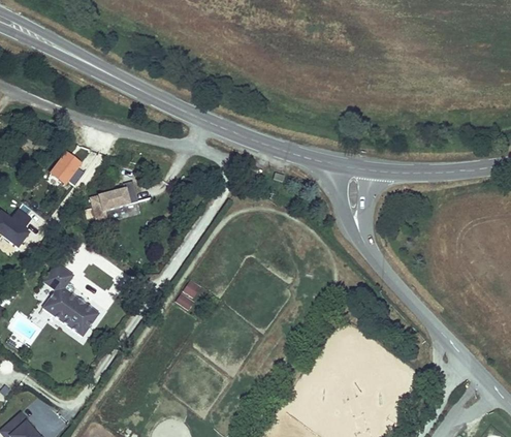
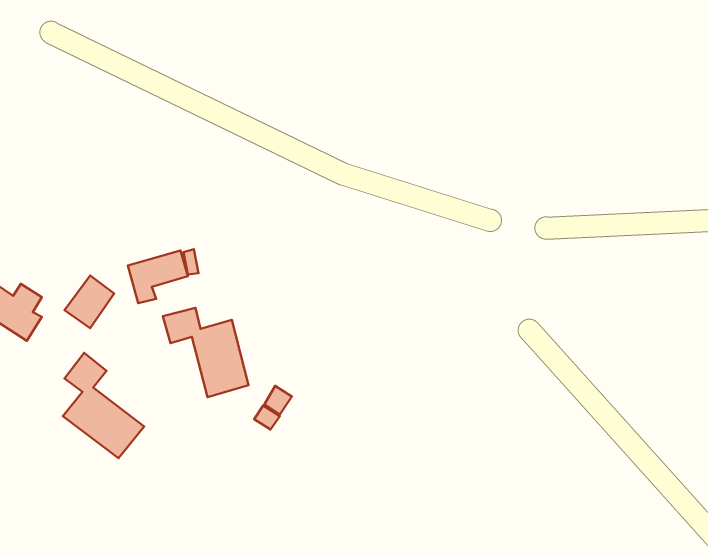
building: [47,151,82,187] -> [65,276,114,328]
building: none -> [163,308,248,397]

